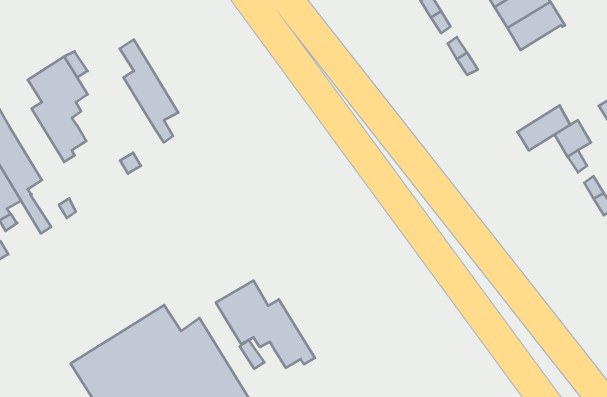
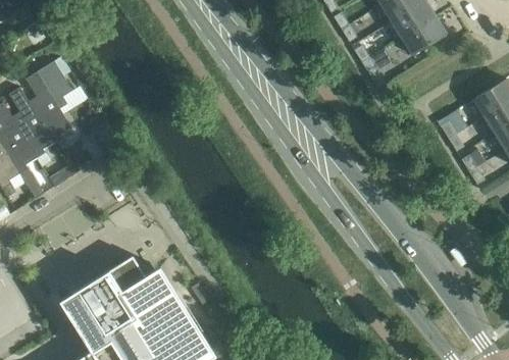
building: [120,40,178,142] -> [7,86,53,166]
building: [517,105,570,150] -> none
building: [216,281,315,368] -> none

